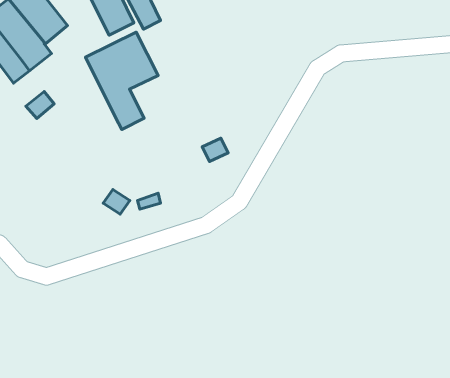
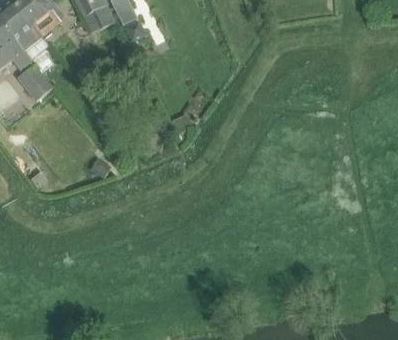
building: [85,32,158,129] -> none

